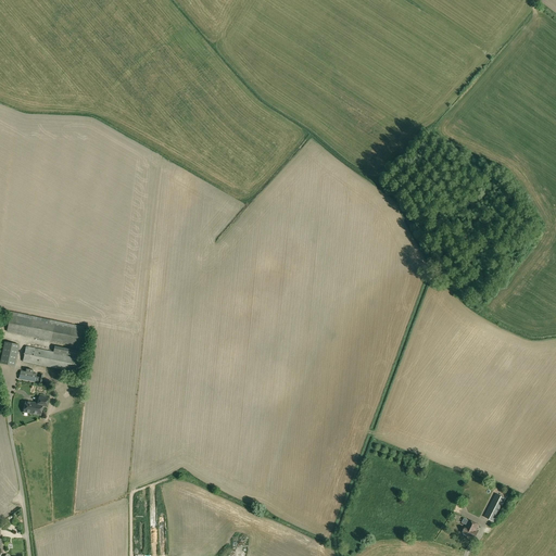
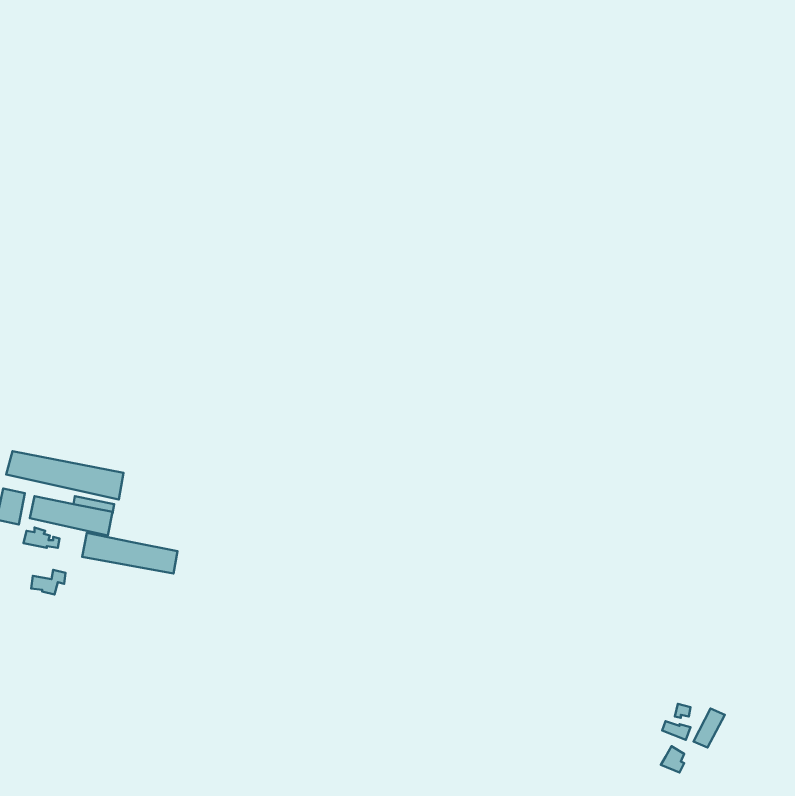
building: none -> [82,533,177,573]

